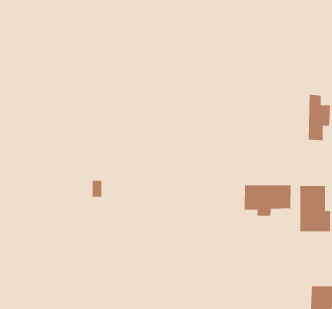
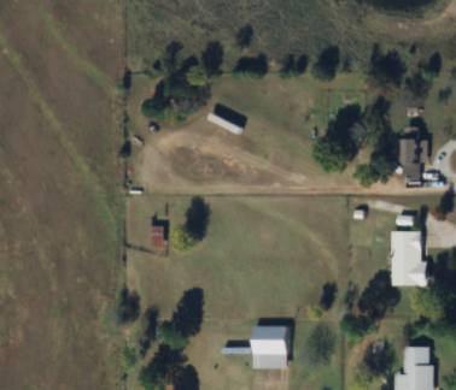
building: [244,185,291,217] -> none
building: none -> [252,326,286,368]

